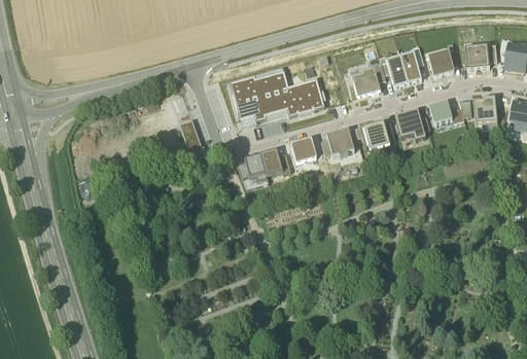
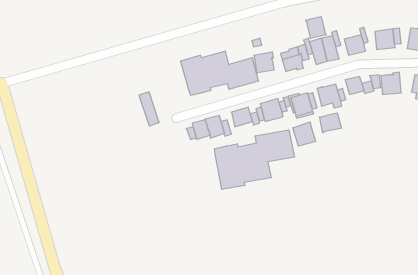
building: none -> [306,17,326,38]
building: none -> [254,52,274,73]
building: none -> [319,113,341,133]
building: none -> [293,122,316,146]
building: none -> [215,130,295,189]

